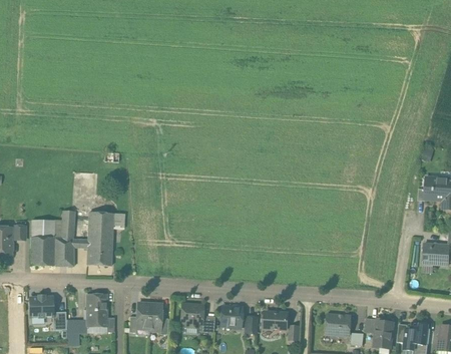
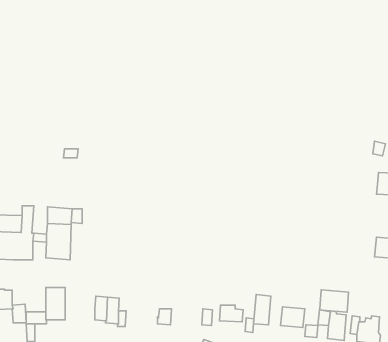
building: none -> [320,290,349,312]
building: none -> [253,294,271,325]
building: [180,304,202,324] -> none
building: [220,307,242,327] -> none

